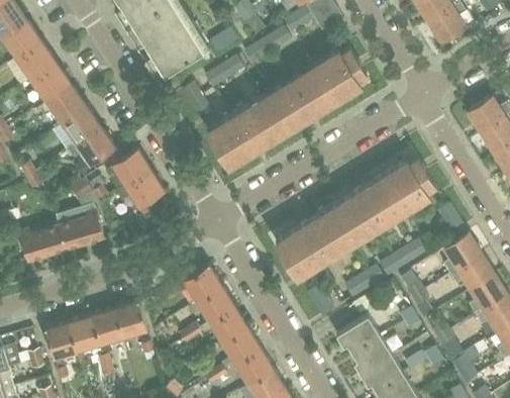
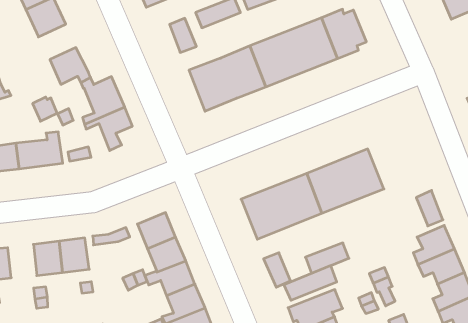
building: [63,108,99,143] -> none
building: [385,160,434,210] -> none
building: [379,239,427,278] -> [284,266,337,300]
building: [68,317,99,352] -> none

